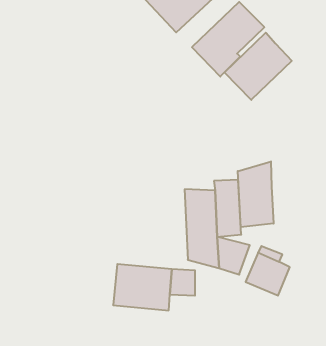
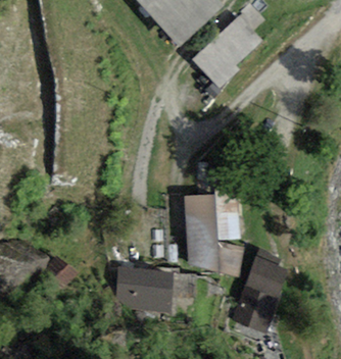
building: [224,33,292,100] -> none
building: [238,161,274,227] -> none
building: none -> [232,285,276,332]

